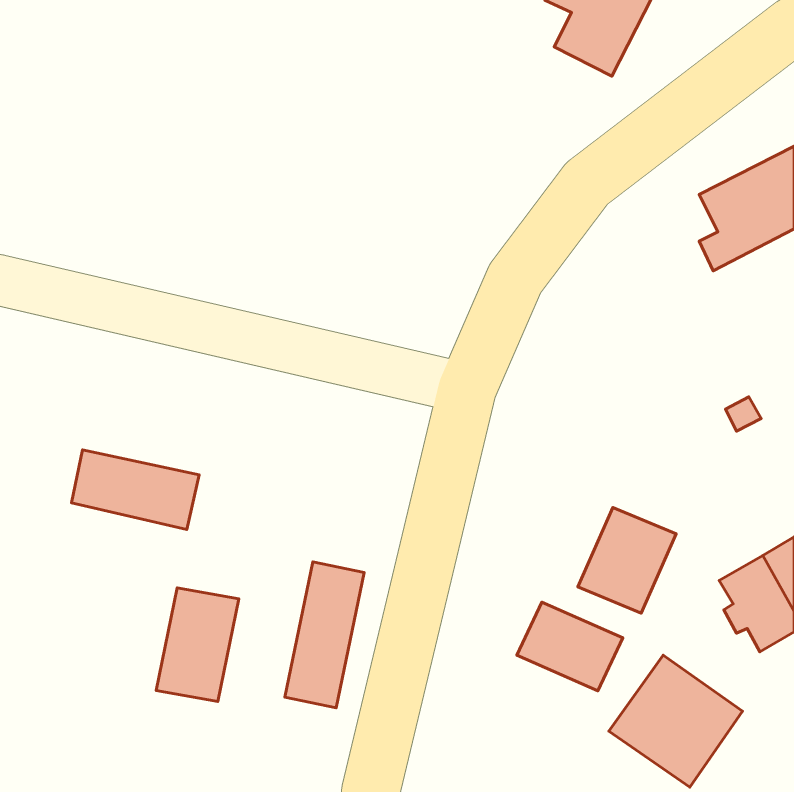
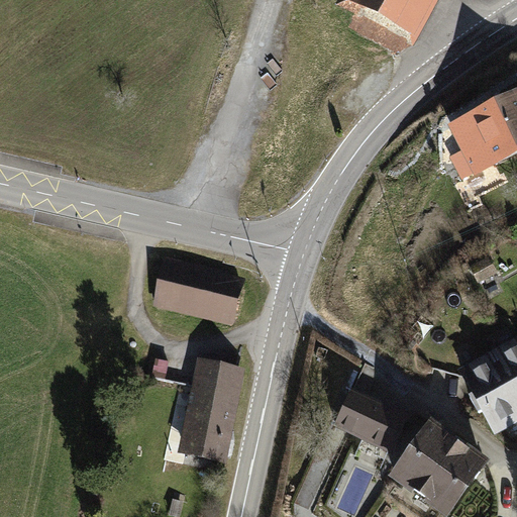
building: [72,450,199,529] -> [158,265,240,316]
building: [578,507,676,613] -> none
building: [156,588,239,701] -> none

